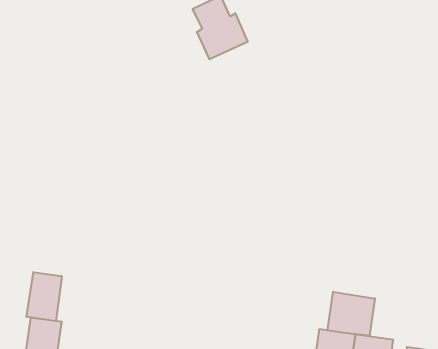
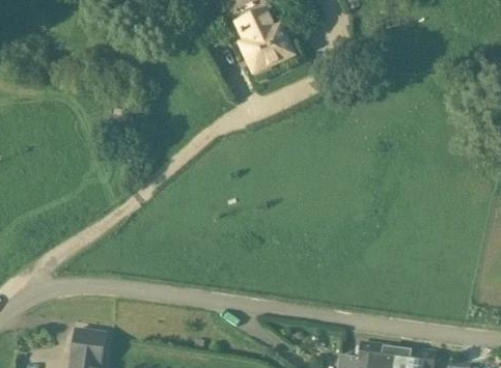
building: [27,272,62,321] -> none
building: [327,292,375,336] -> none

